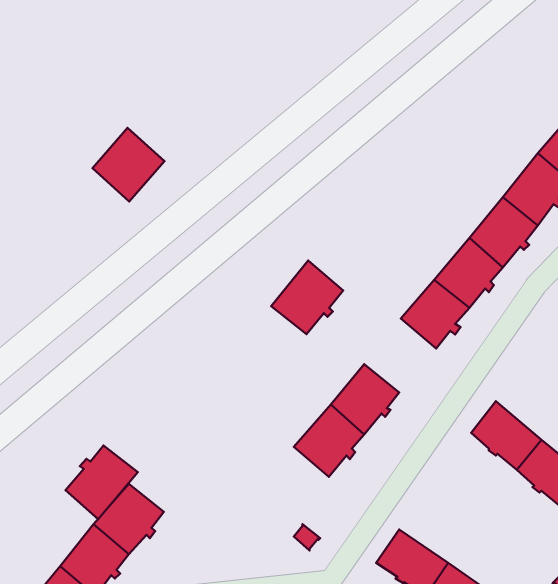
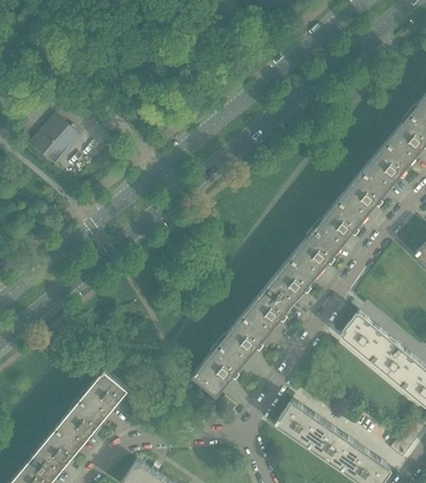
building: [92,128,164,202] -> [30,115,80,166]
building: [271,260,343,334] -> [266,256,316,307]
building: [65,445,138,519] -> none
building: none -> [194,345,242,393]

